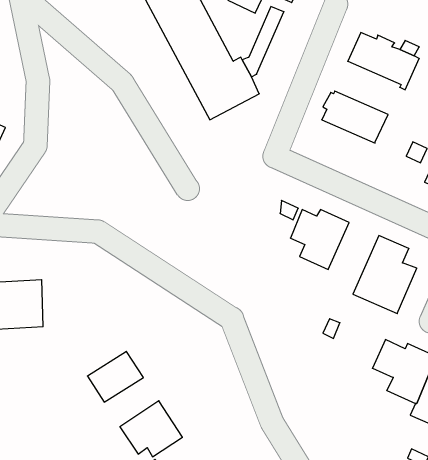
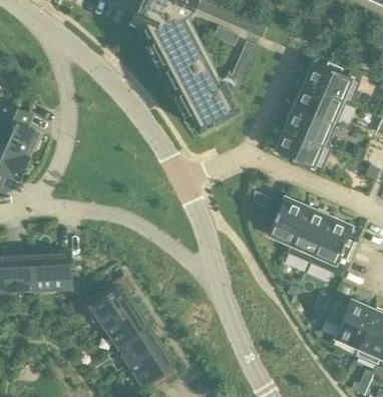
building: none -> [294,83,347,124]
building: none -> [277,128,332,170]
building: none -> [287,208,330,263]
building: none -> [87,275,136,326]
building: none -> [118,327,160,365]

